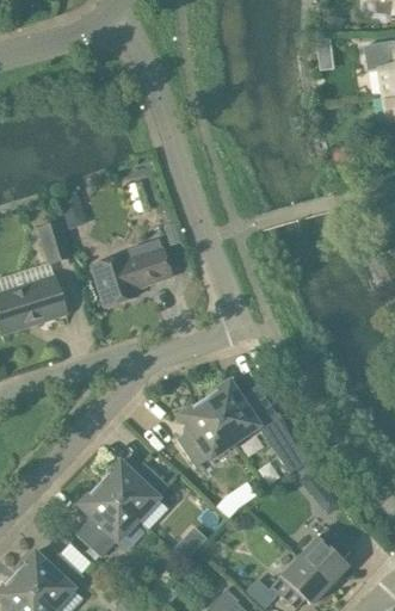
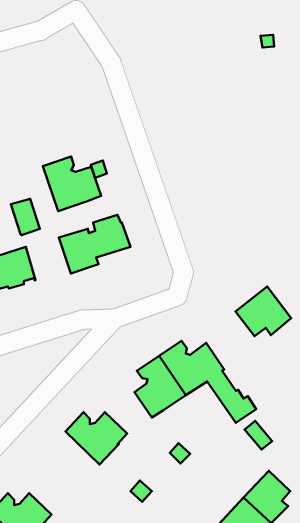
building: none -> [43,156,101,211]
building: none -> [235,286,291,336]
building: [75,483,136,558] -> none

